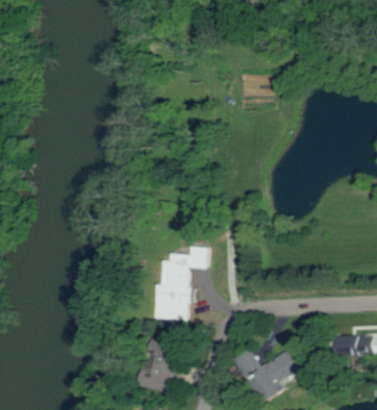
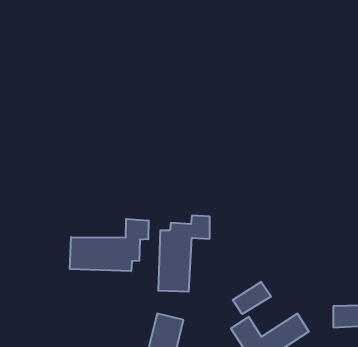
building: none -> [70,219,149,271]
building: none -> [233,282,271,314]

